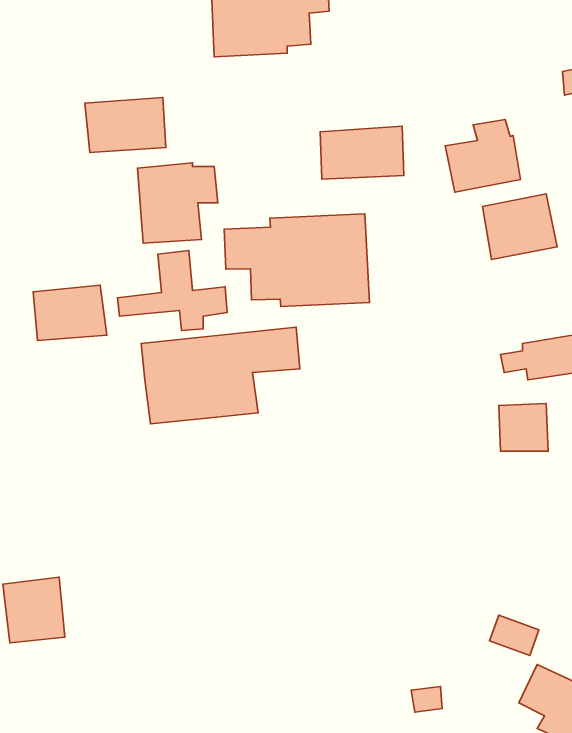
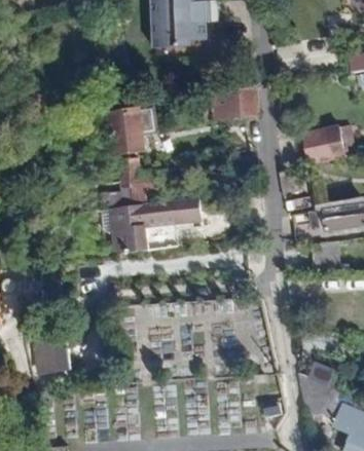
building: [85,97,166,153] -> none
building: [445,119,520,192] -> none
building: [224,214,369,306] -> none
building: [33,285,107,341] -> none

